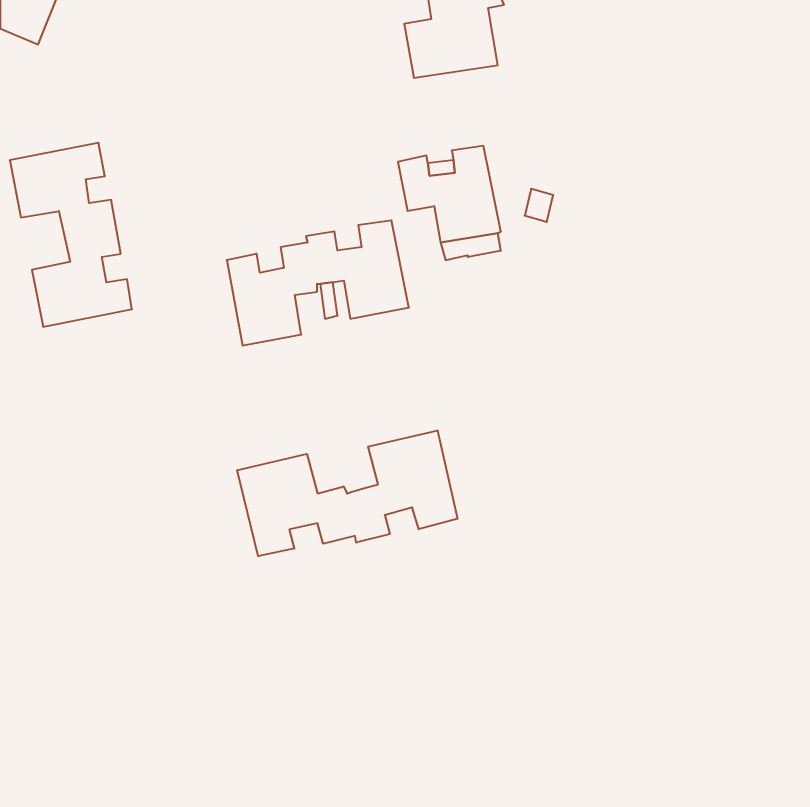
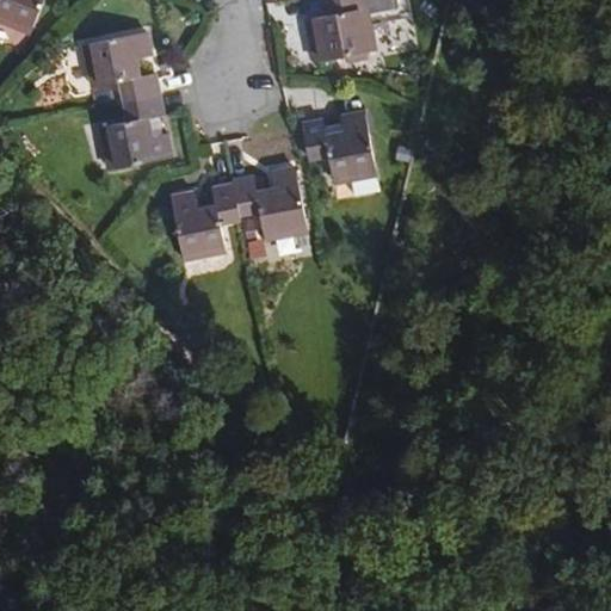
building: [10,143,132,327] -> [80,30,172,168]
building: [237,430,458,556] -> none

